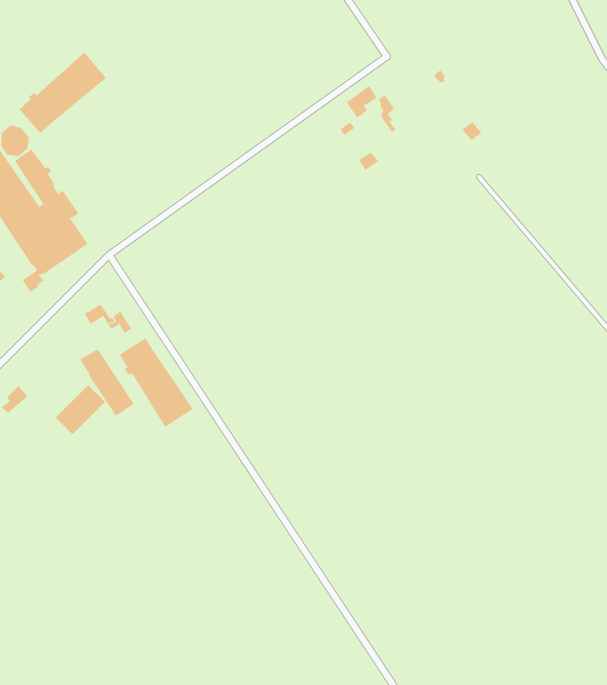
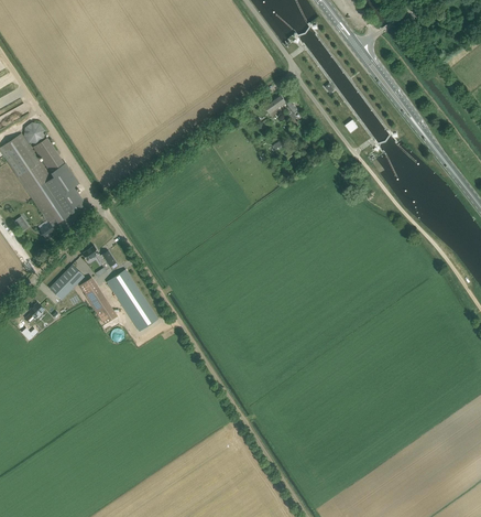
building: [19,52,107,134] -> none
building: [55,384,106,435] -> [50,265,85,300]

